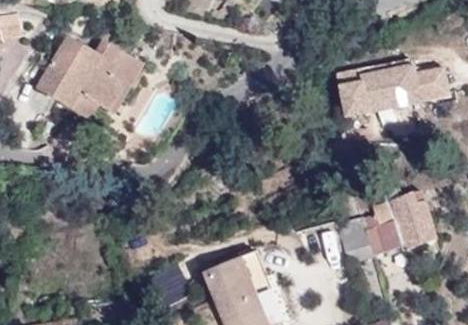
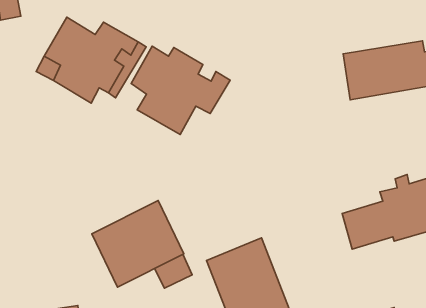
building: none -> [131,46,230,135]
building: none -> [92,201,184,287]

